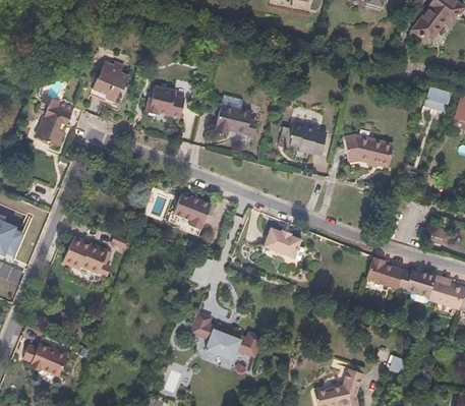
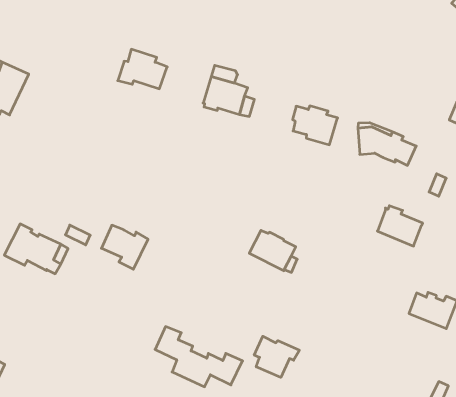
building: [92,61,128,102] -> none
building: [172,195,210,230] -> [101,225,148,269]
building: [366,255,403,287] -> [377,206,423,246]
building: none -> [254,336,299,377]

